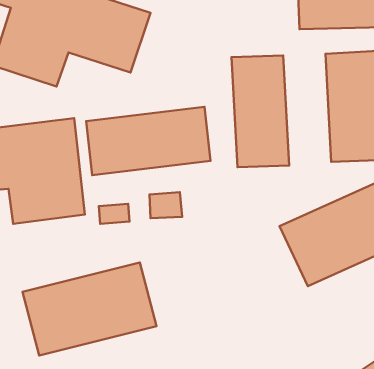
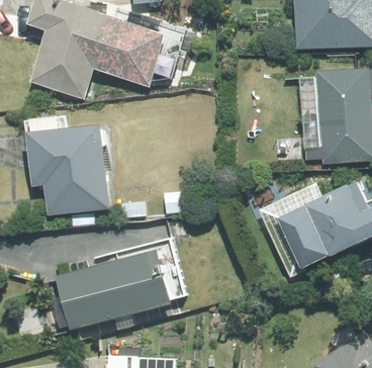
building: [232,55,289,167] -> none
building: [86,107,211,175] -> none

